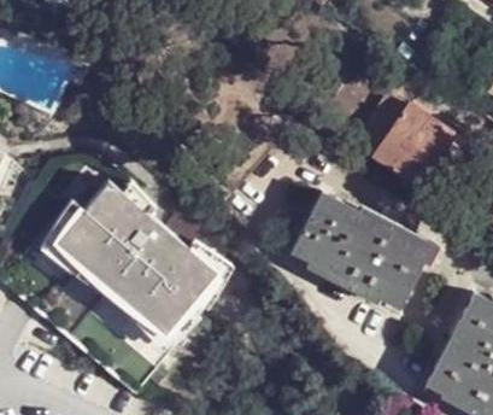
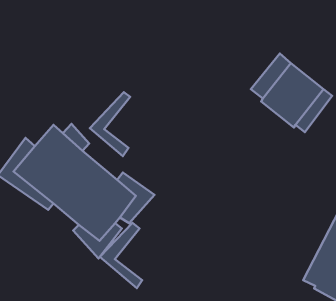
building: none -> [90,92,130,156]
building: [293,192,430,306] -> none
building: none -> [100,223,142,288]

